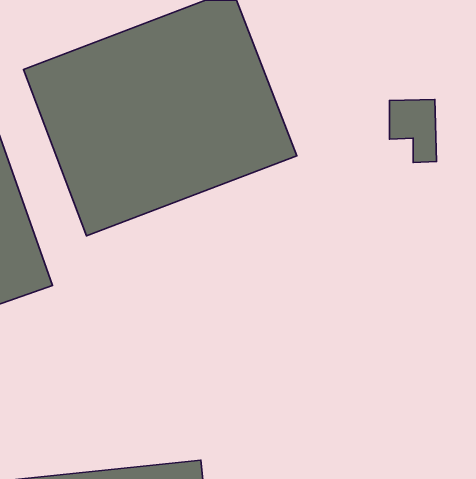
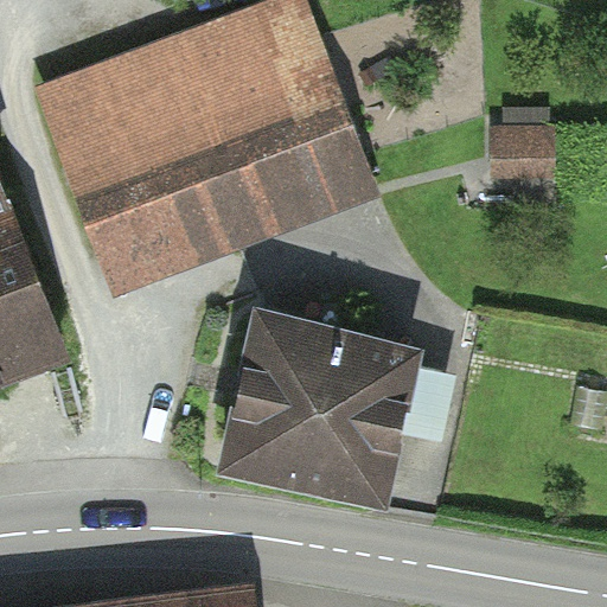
building: none -> [222,308,423,509]

